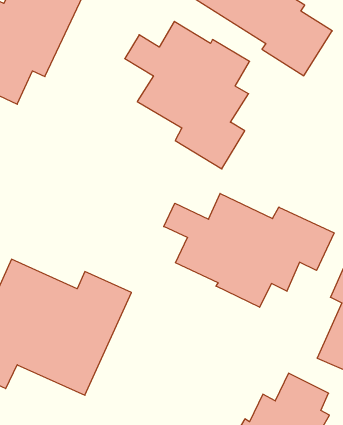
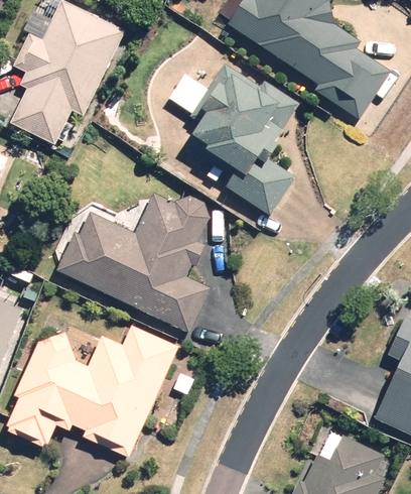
building: none -> [55,192,210,333]
building: [164,193,334,307] -> none

